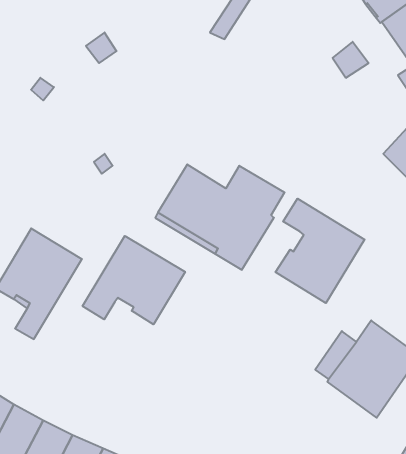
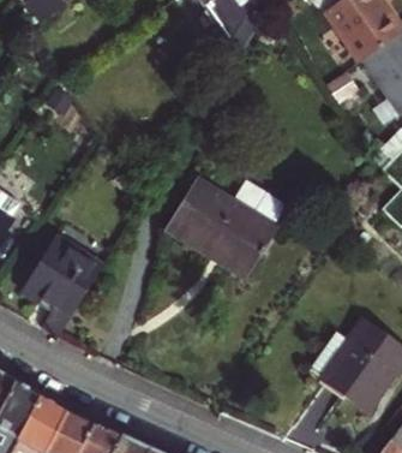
building: [276,199,365,303] -> none
building: [83,236,185,324] -> none

